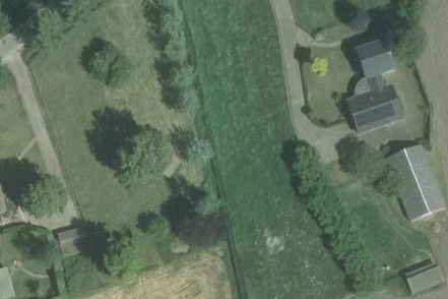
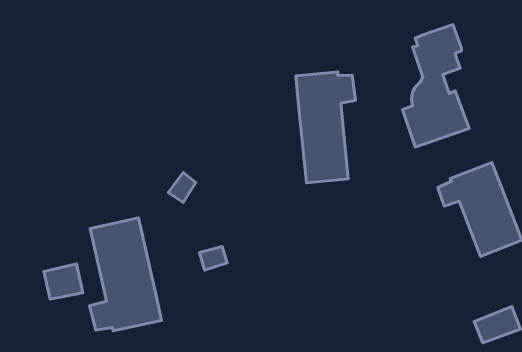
building: none -> [296,72,356,183]
building: none -> [89,218,161,331]

